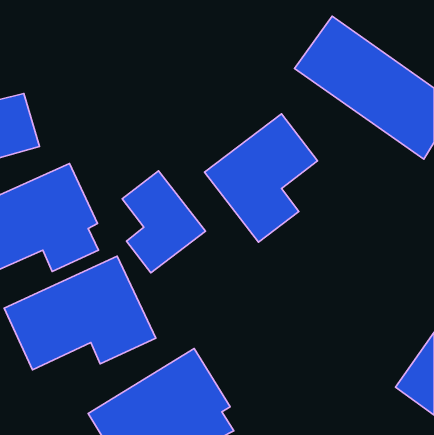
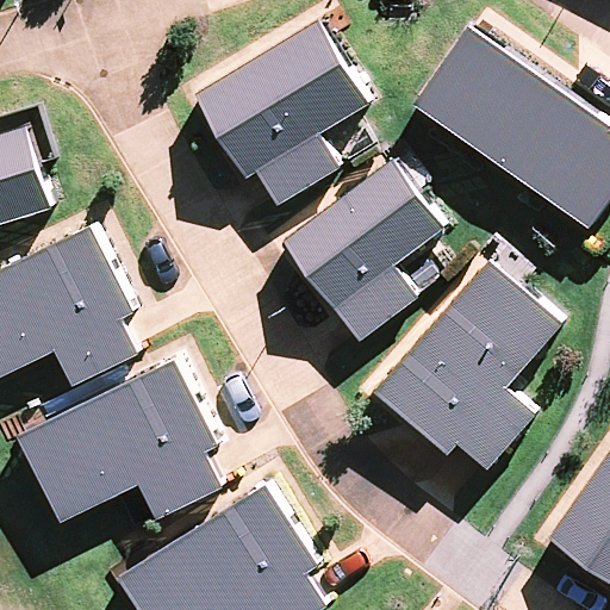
building: none -> [193,21,369,207]
building: [122,171,205,273] -> none
building: none -> [371,255,565,469]

